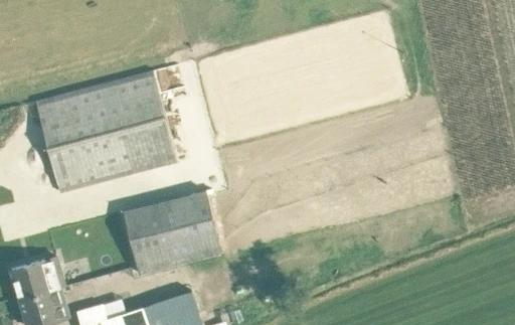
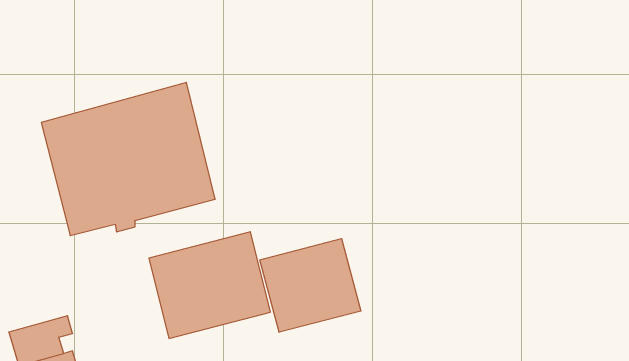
building: none -> [260,239,361,332]

